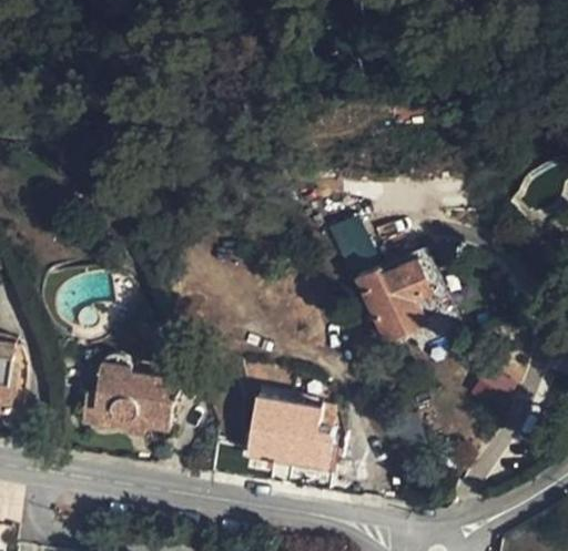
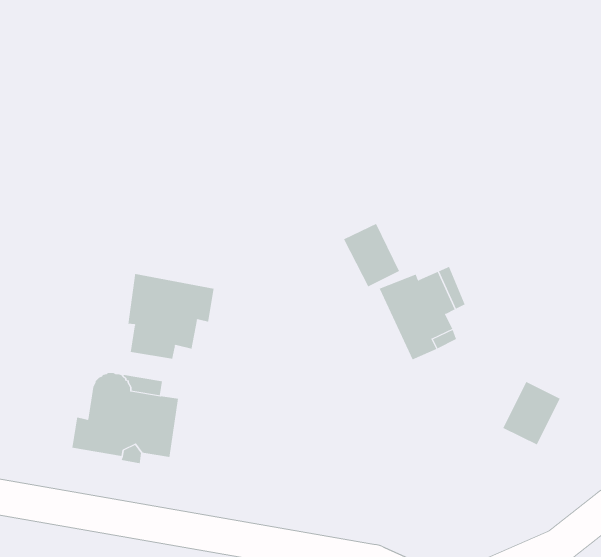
building: none -> [128,273,214,360]
building: [247,395,333,465] -> none

